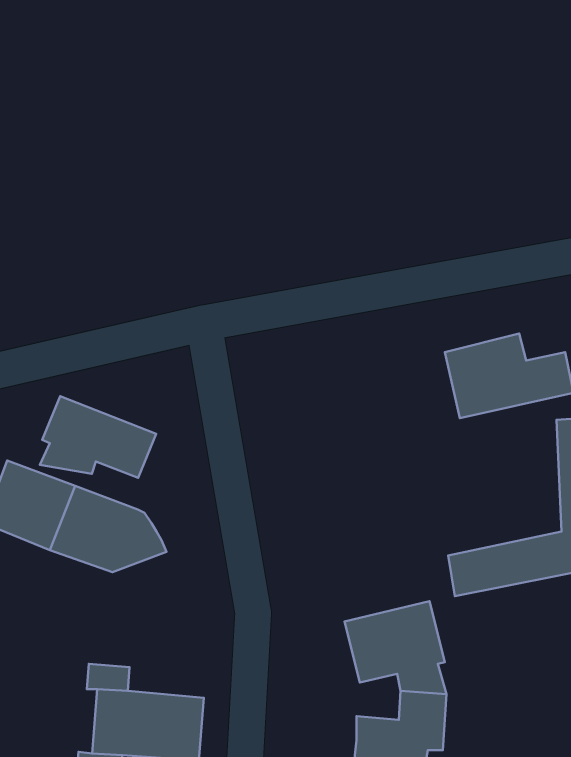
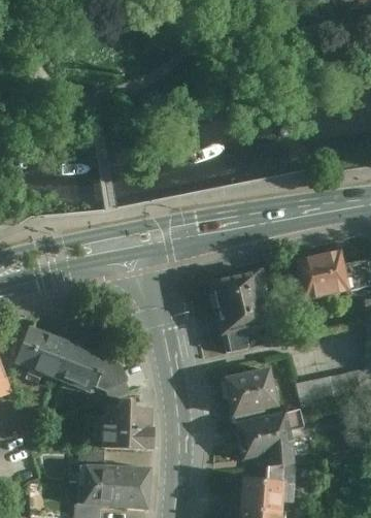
building: none -> [207,266,275,352]
building: [40,396,156,478] -> none
building: none -> [222,365,278,417]
building: none -> [91,399,147,451]

